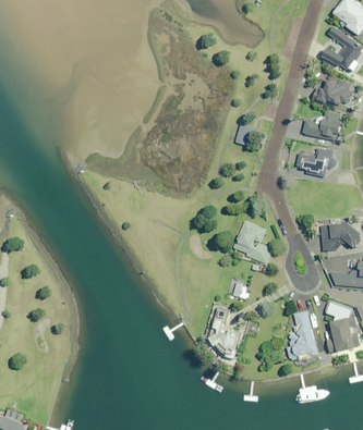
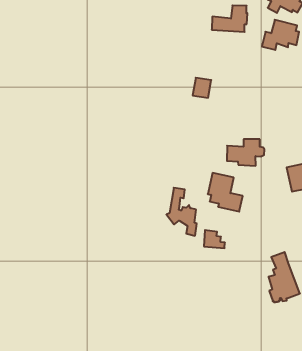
building: [302,112,340,140] -> [212,5,247,32]
building: [297,148,336,176] -> [227,139,264,166]
building: [208,308,239,359] -> [166,188,197,236]

